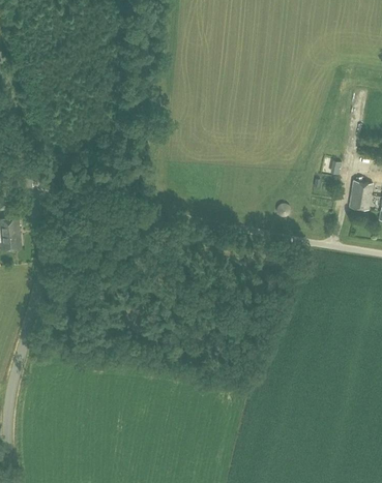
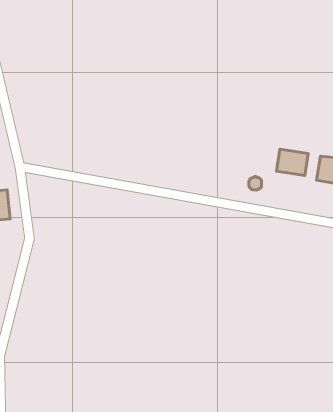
building: none -> [277,149,308,176]

